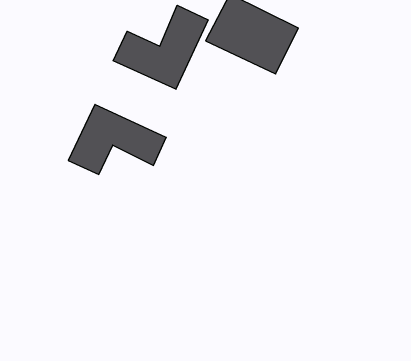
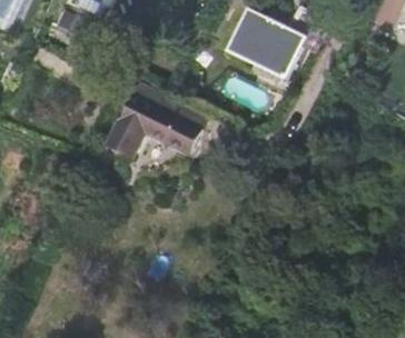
building: [113,5,208,89] -> none

